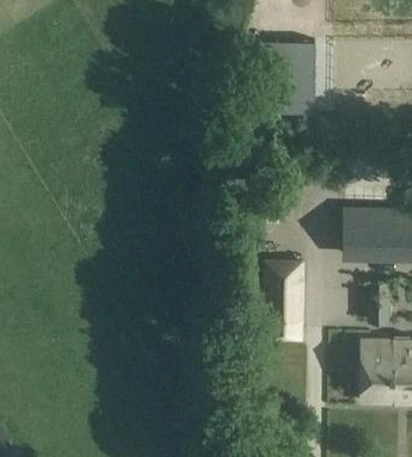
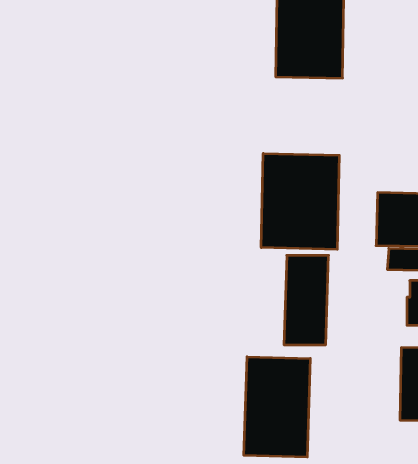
building: none -> [261,153,339,249]
building: none -> [244,357,310,457]

